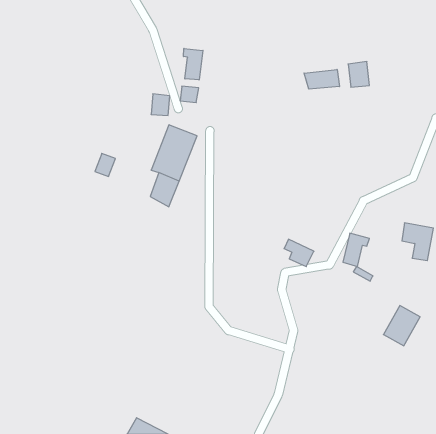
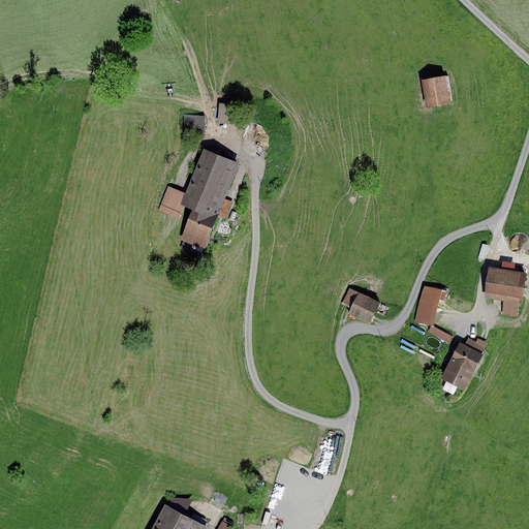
building: [184,48,203,80] -> none
building: [304,69,339,89] -> none
building: [95,153,115,176] -> [161,186,186,214]
building: [383,306,420,346] -> [439,341,484,390]

